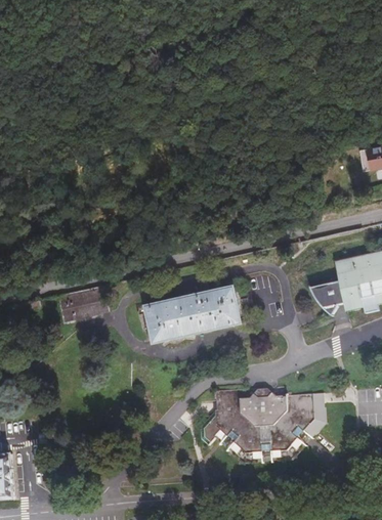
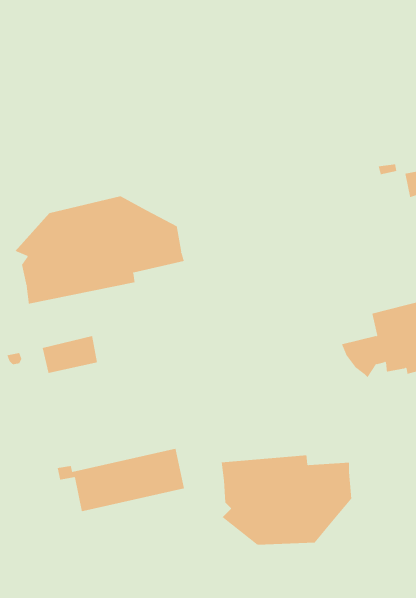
building: none -> [14,196,184,304]
building: [133,284,241,337] -> [57,448,185,512]

